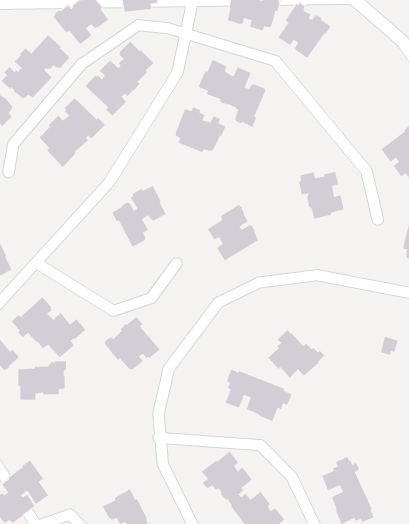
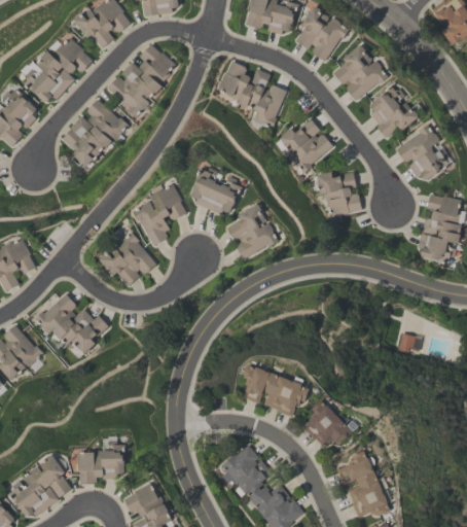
building: none -> [333,43,389,100]
building: none -> [370,85,419,137]
building: [174,106,227,153] -> [192,167,244,213]
building: none -> [279,117,332,173]
building: [103,316,161,371] -> [100,232,156,285]
building: [267,329,325,379] -> [302,399,359,448]
building: [17,361,67,400] -> [78,445,127,484]

